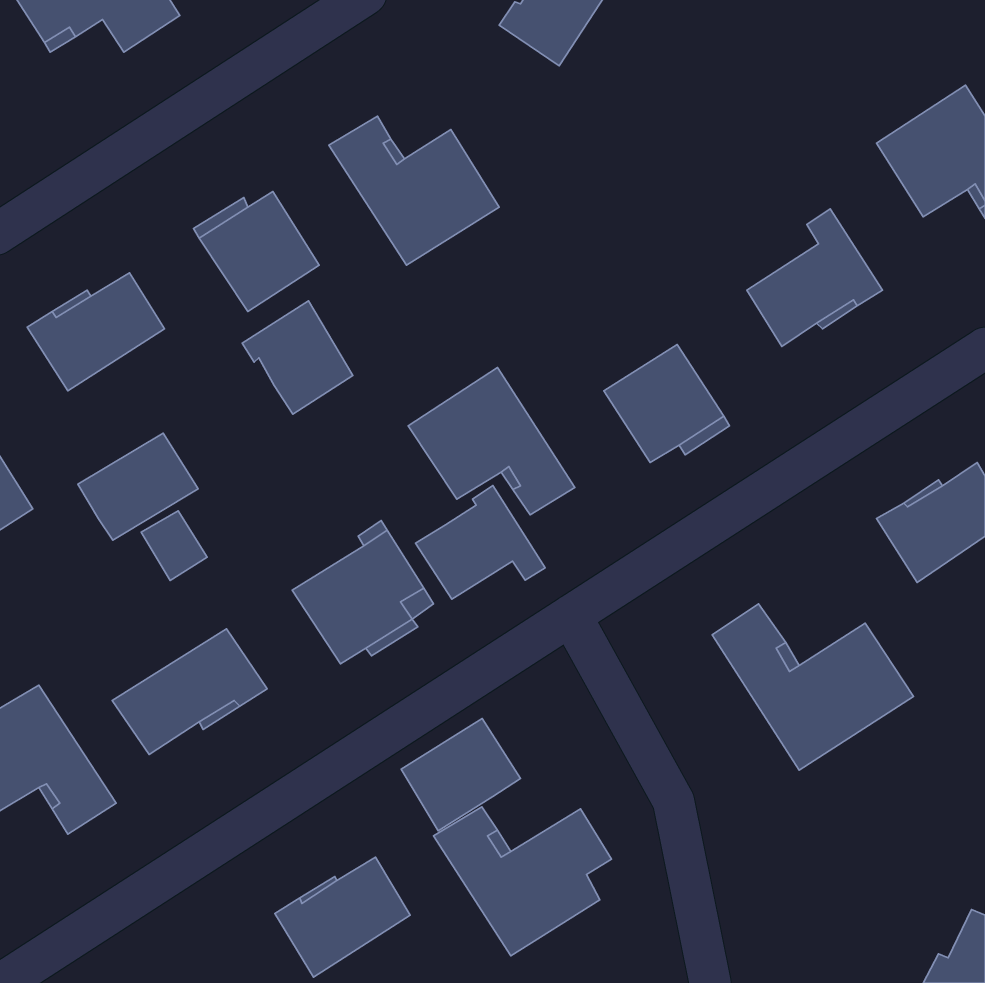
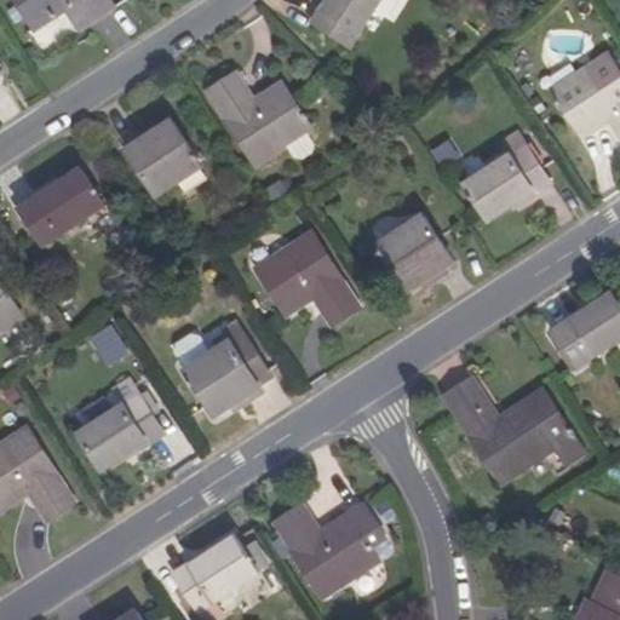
building: [242,301,353,414] -> none
building: [78,433,198,540] -> none
building: [416,485,545,599] -> none
building: [401,719,520,831] -> none

